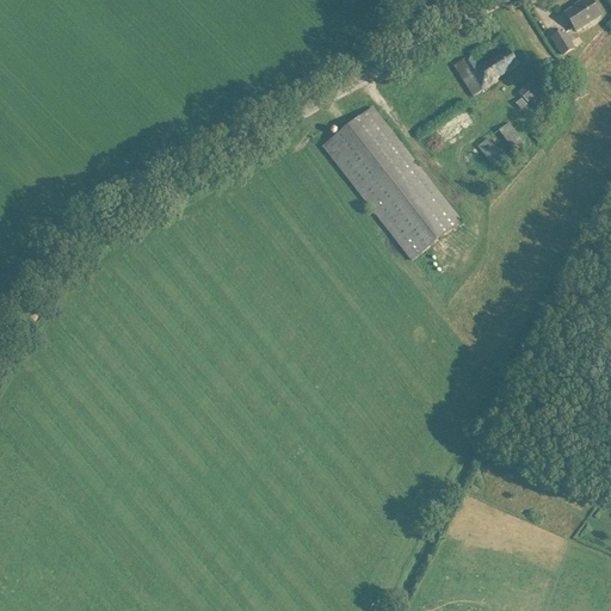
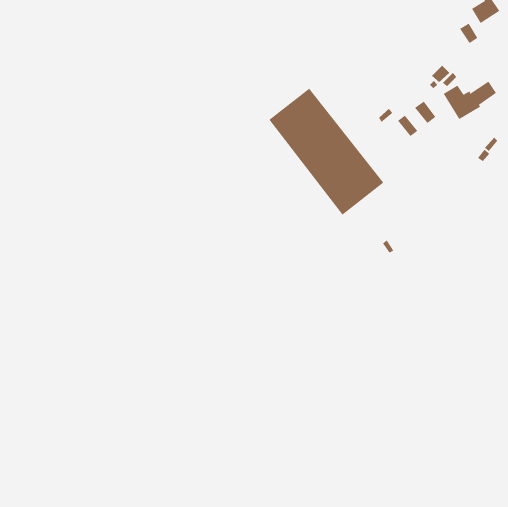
building: [451,48,516,94] -> [443,81,497,120]

